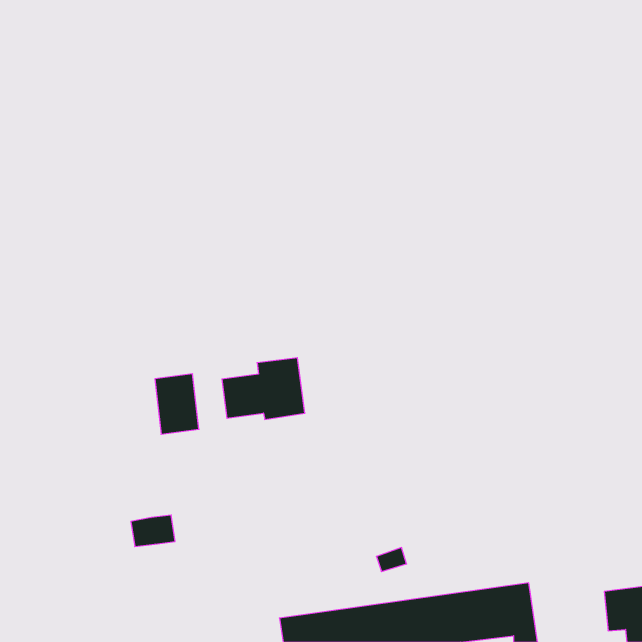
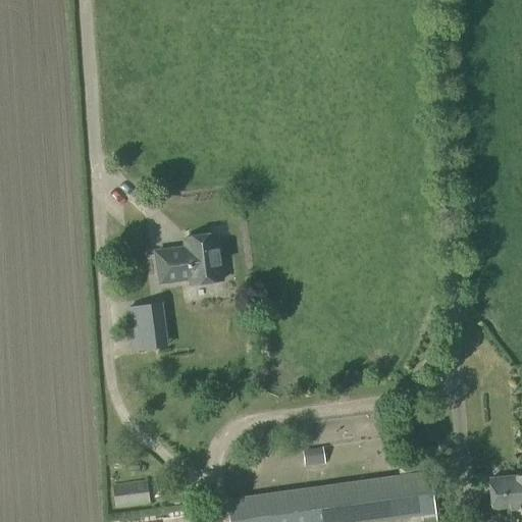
building: [222,358,305,419] -> [156,234,223,284]
building: [131,515,175,547] -> [113,480,149,506]

